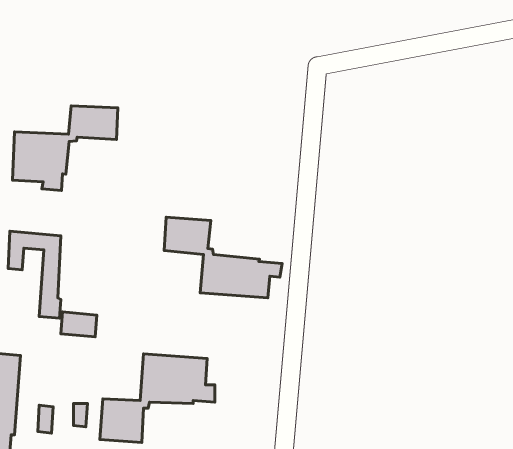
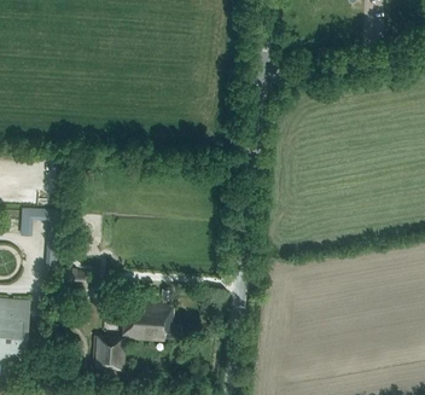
building: [12,106,118,191] -> none
building: [164,217,282,298] -> none

